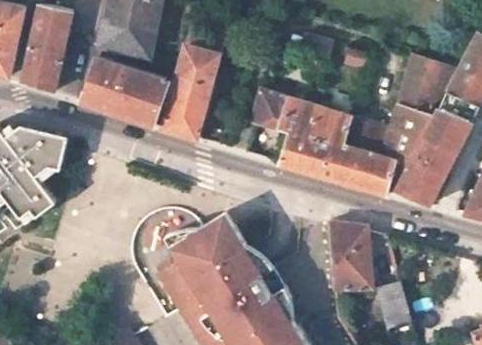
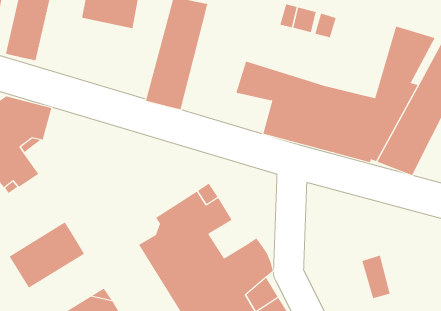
building: [82,58,169,127] -> none
building: [330,223,374,299] -> none
building: [227,250,265,288] -> none
building: none -> [9,222,85,289]

